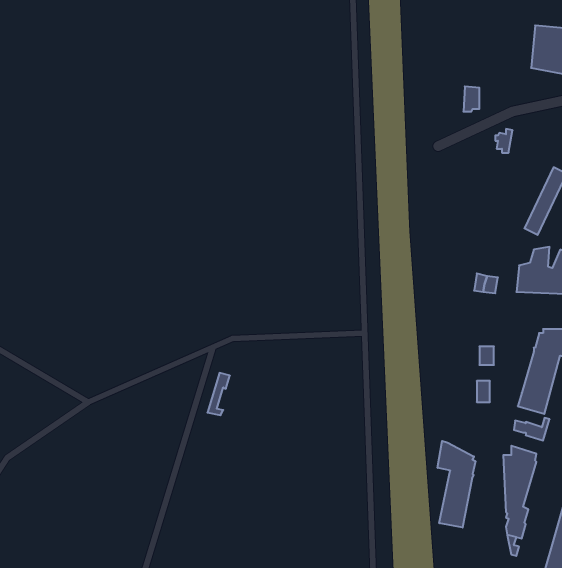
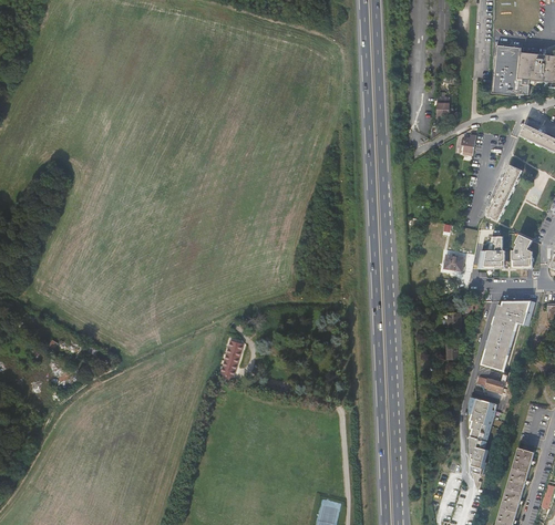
building: [438,441,475,528] -> none

